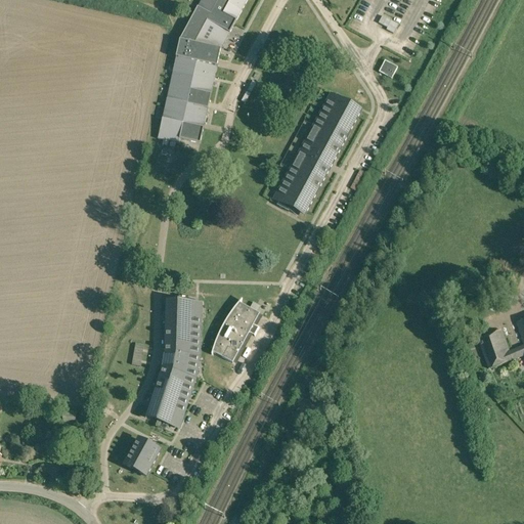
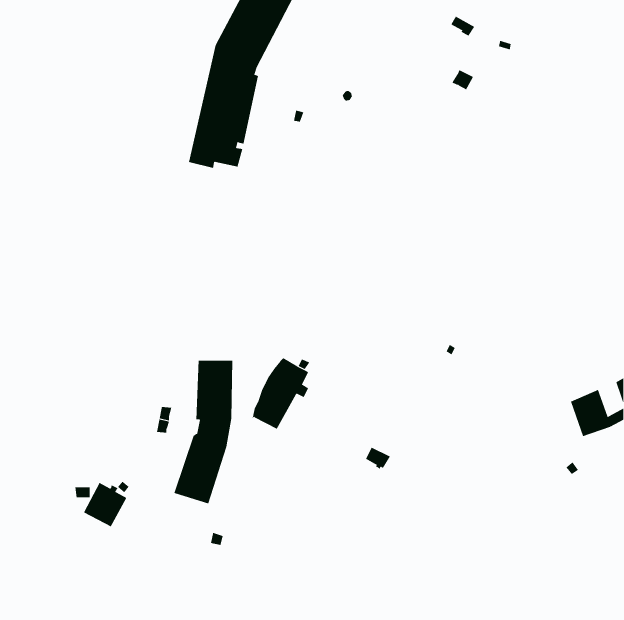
building: [275,91,360,212] -> none
building: [124,436,161,474] -> [83,482,127,527]

